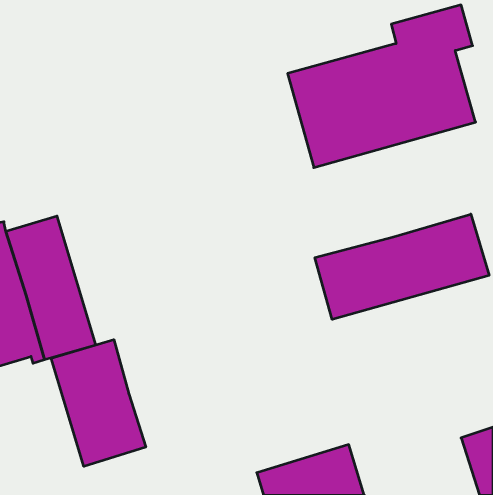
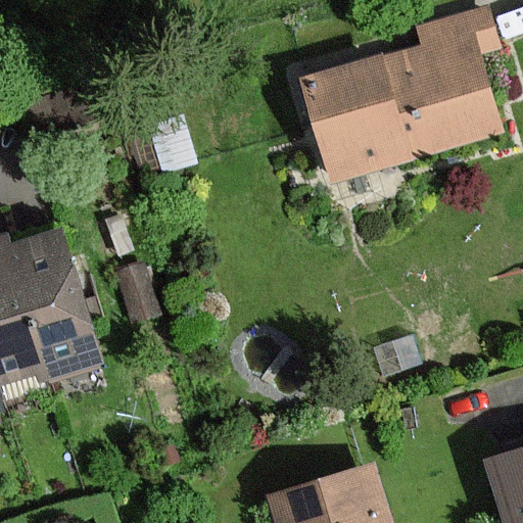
building: [315,214,489,319] -> none
building: [51,340,146,466] -> none

